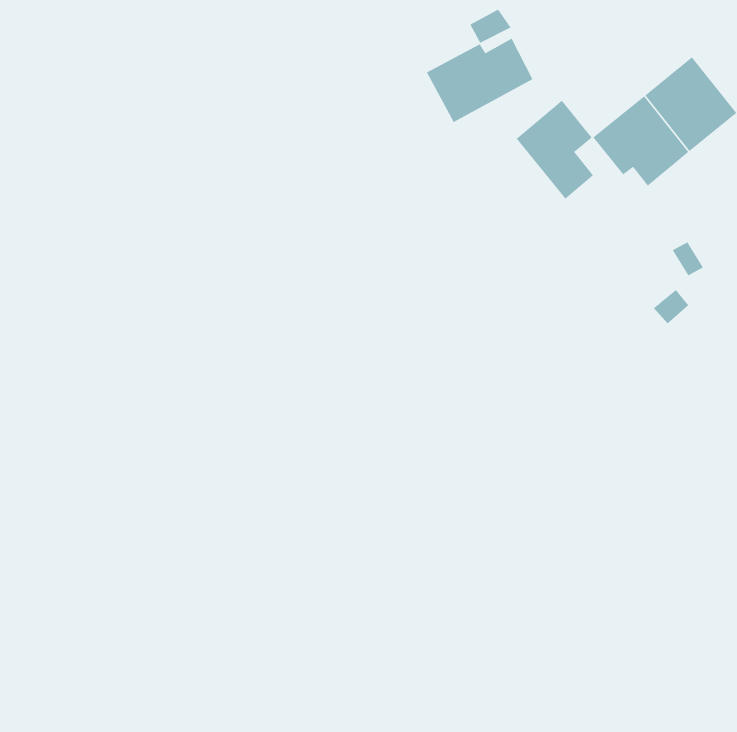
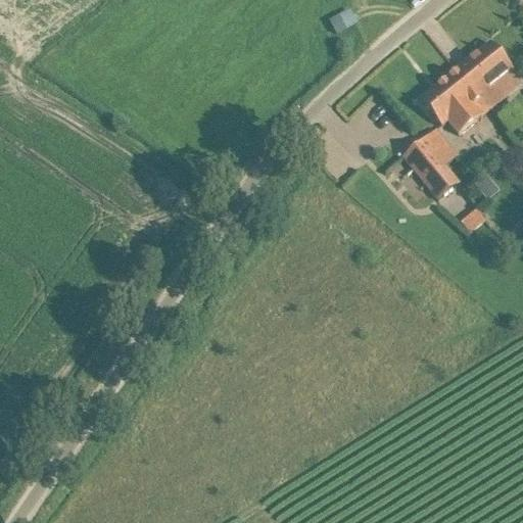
building: [426,38,533,123] -> none
building: [516,100,594,200] -> [402,127,458,197]

